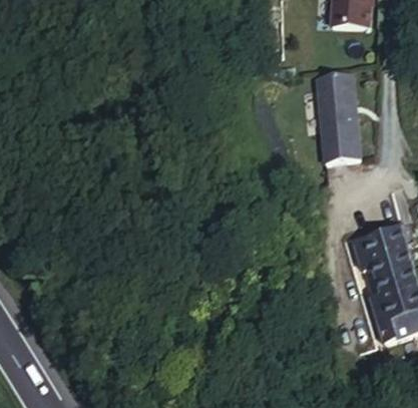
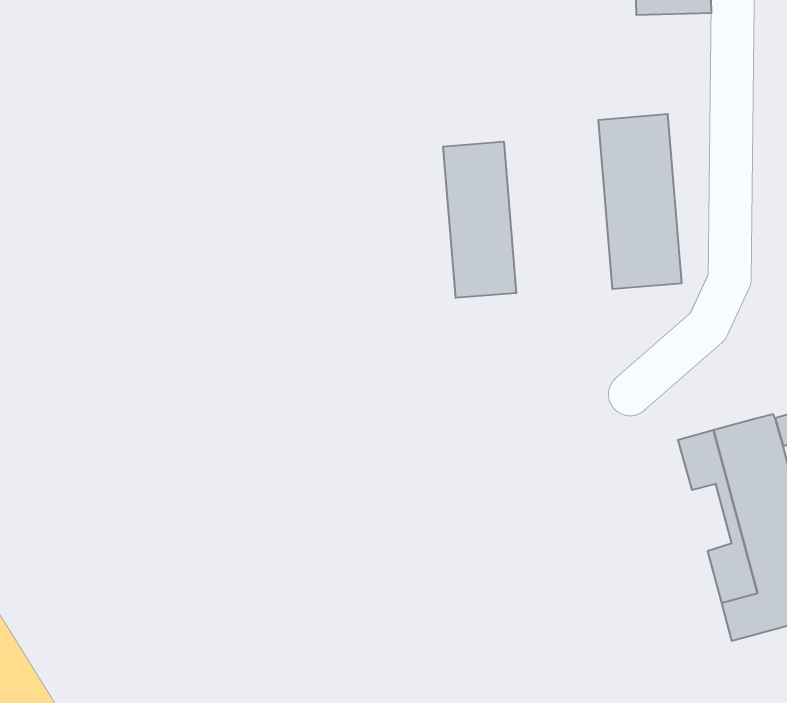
building: none -> [443,142,516,298]

